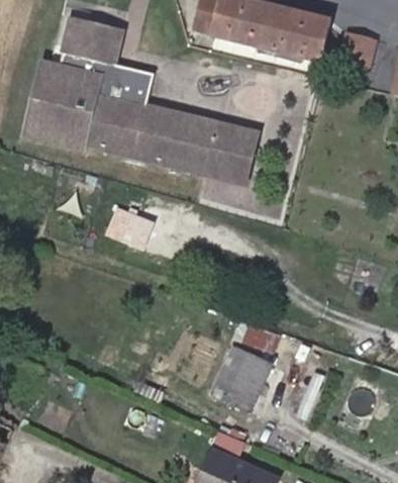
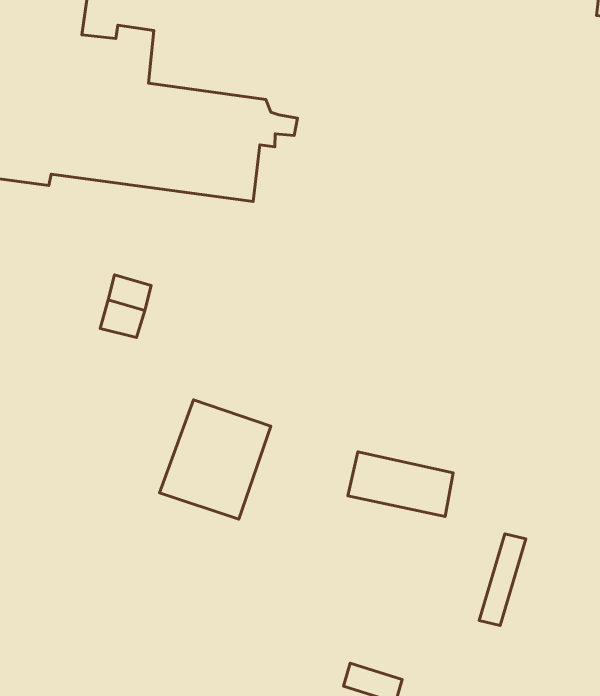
building: [194,119,251,191] -> none
building: [207,345,272,412] -> [160,400,271,519]

